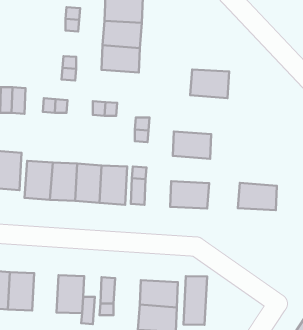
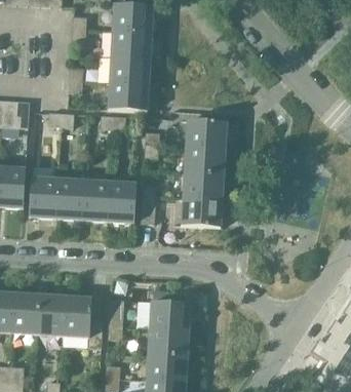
building: [190,70,229,98] -> [186,119,227,149]
building: none -> [108,81,149,111]
building: [238,183,277,210] -> [183,171,224,200]
building: none -> [37,295,65,336]
building: [183,276,207,325] -> none

